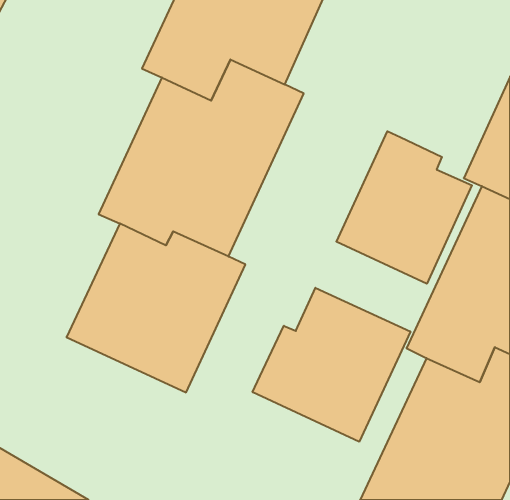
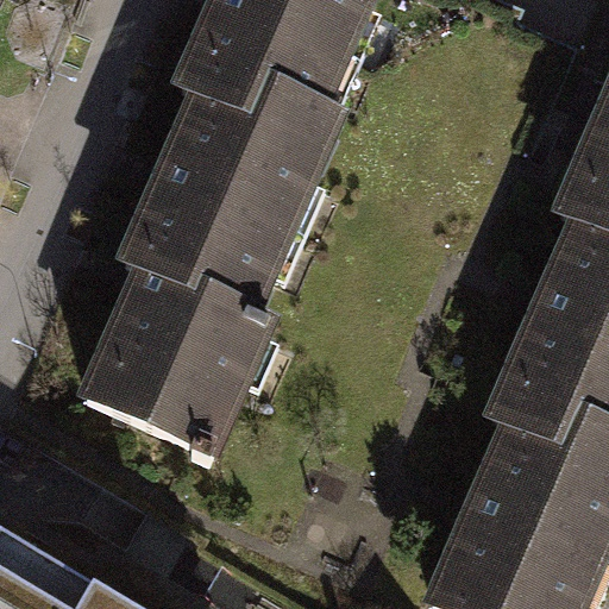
building: [336,131,472,284] -> none
building: [253,288,410,442] -> none

